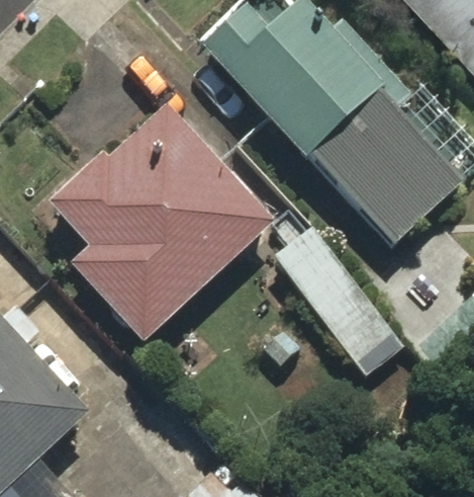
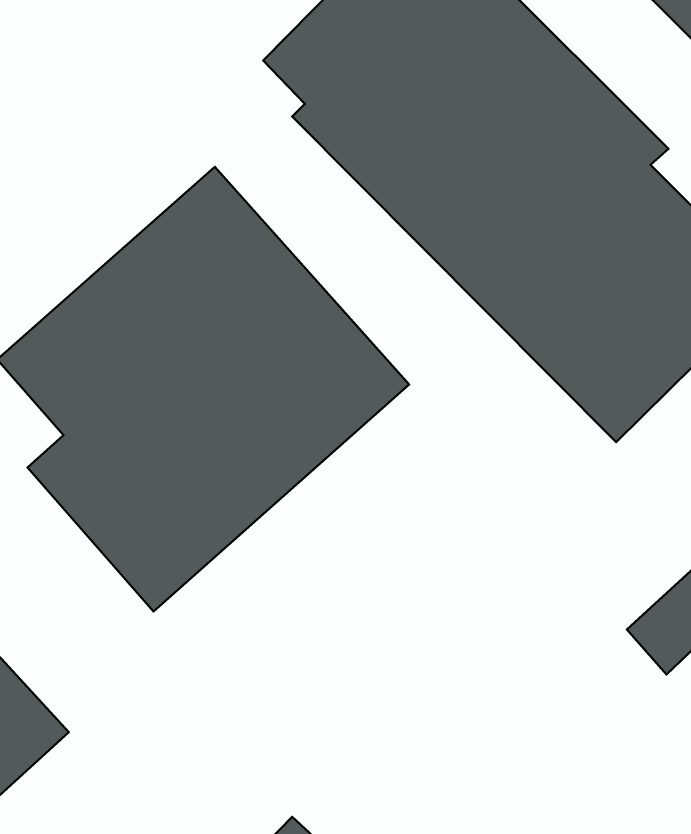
building: [274,223,410,375] -> none

